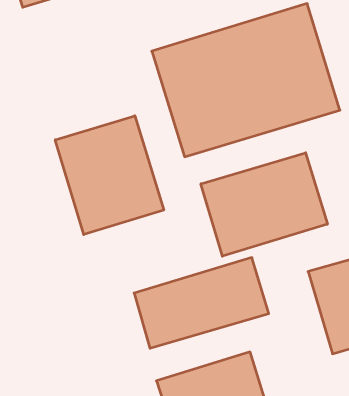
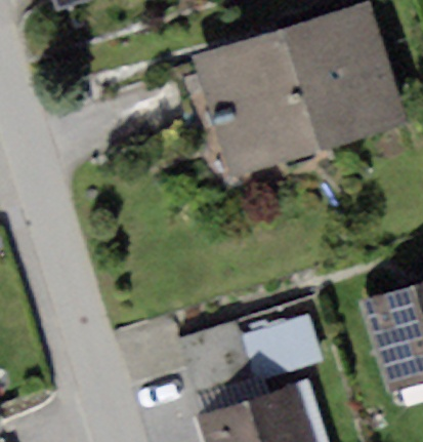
building: [55,116,164,235] -> none
building: [201,153,327,256] -> none

